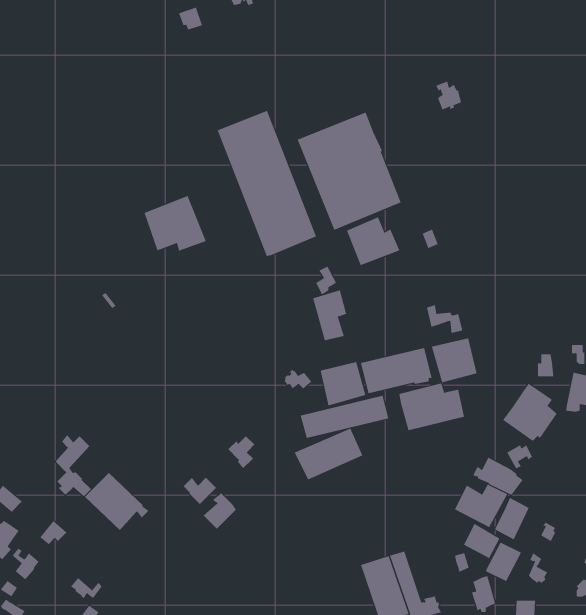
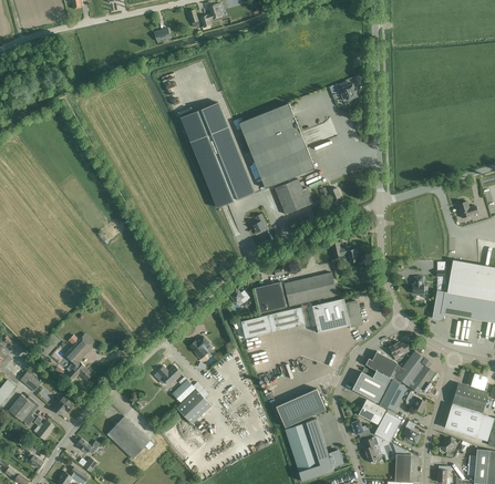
building: [144,195,206,251] -> none
building: [313,289,347,341] -> none
building: [431,337,477,383] -> none
building: [502,383,558,441] -> [395,350,435,392]
building: [294,428,363,480] -> [276,389,326,426]
building: [84,472,149,531] -> [107,416,154,459]
building: none -> [176,382,212,424]

